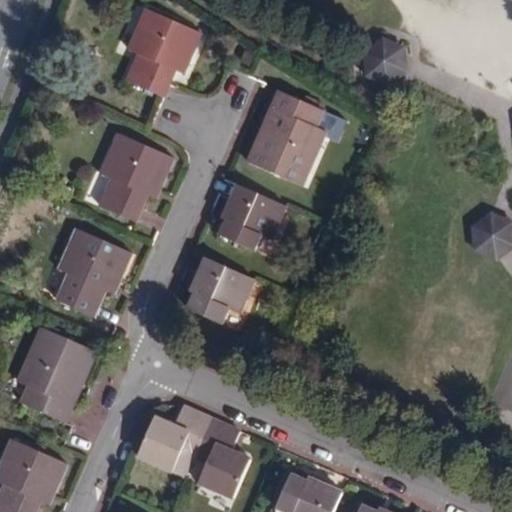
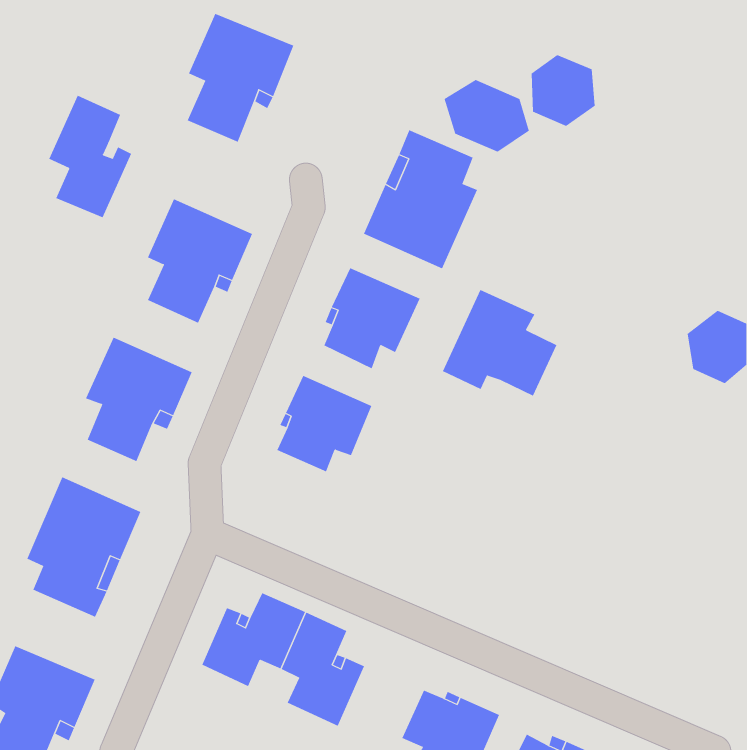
building: none -> [444,79,529,152]
building: none -> [49,95,132,218]
building: none -> [442,289,557,397]

